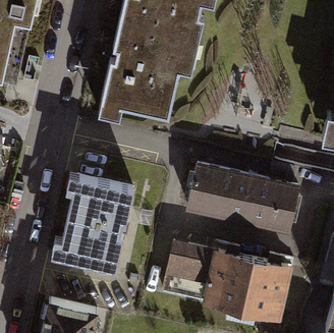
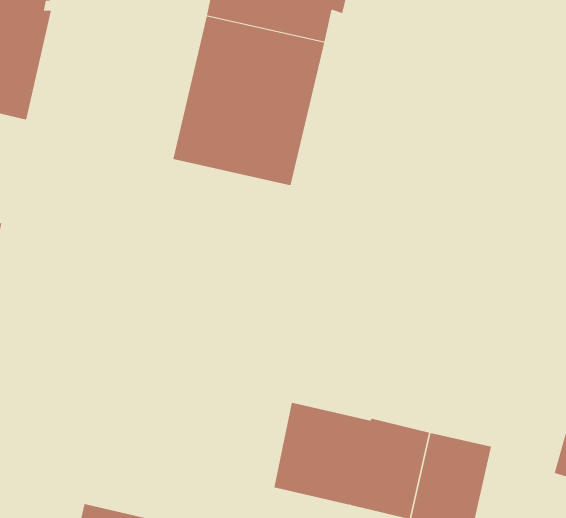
building: [189,165,300,231] -> none
building: [60,177,135,271] -> none

